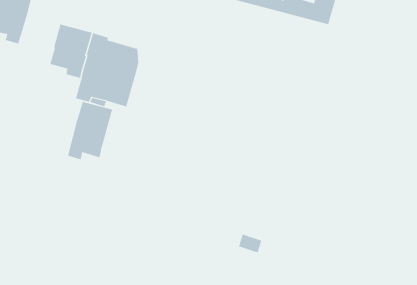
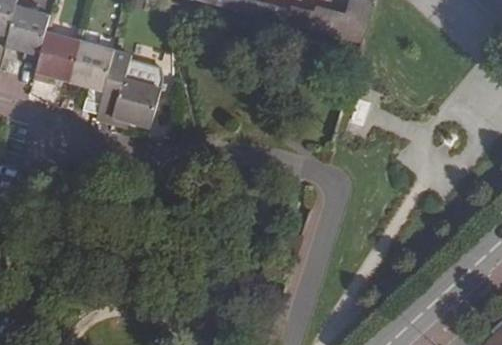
building: none -> [32,31,79,82]
building: [68,101,113,160] -> none

